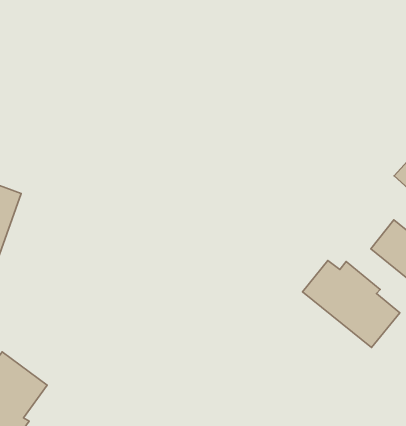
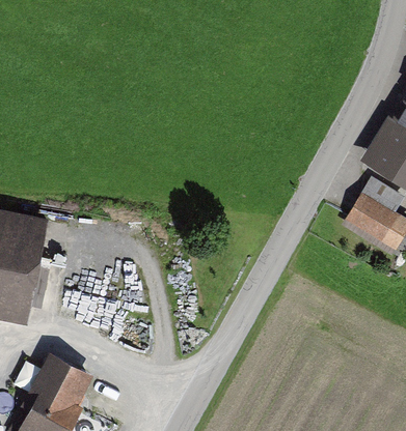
building: [302,261,400,347] -> none

